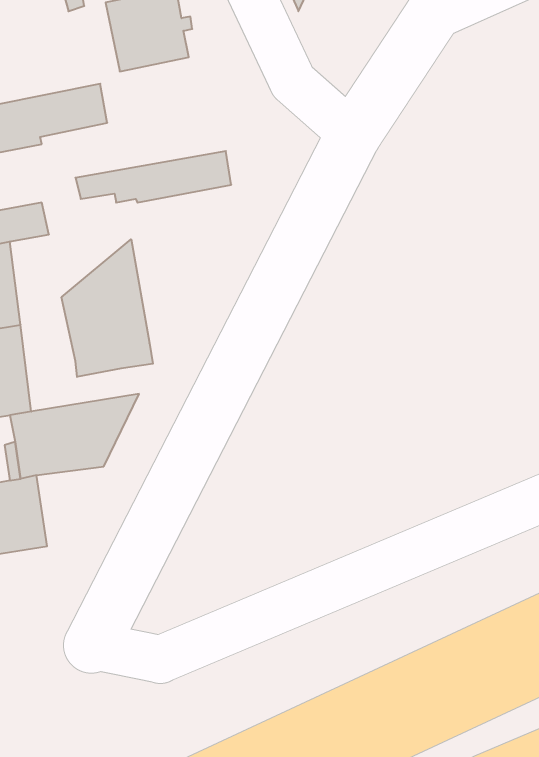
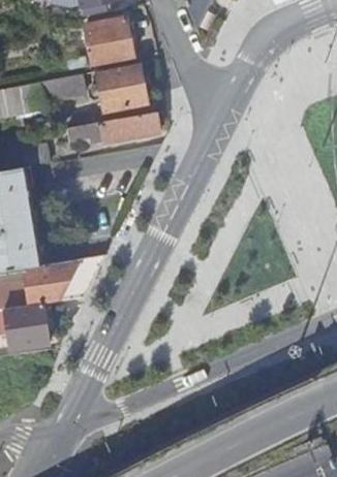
building: none -> [95,64,145,112]
building: [62,239,153,377] -> none

